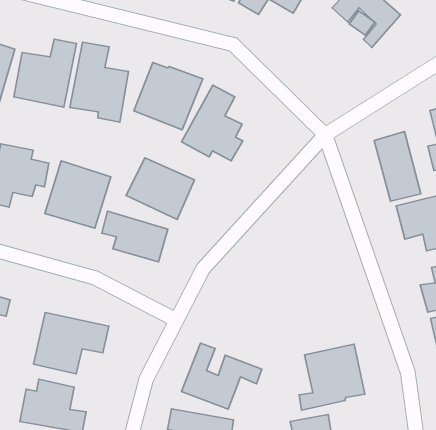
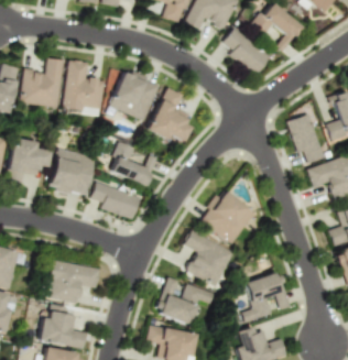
building: none -> [222,28,271,75]
building: none -> [200,190,255,244]
building: none -> [184,231,233,286]

